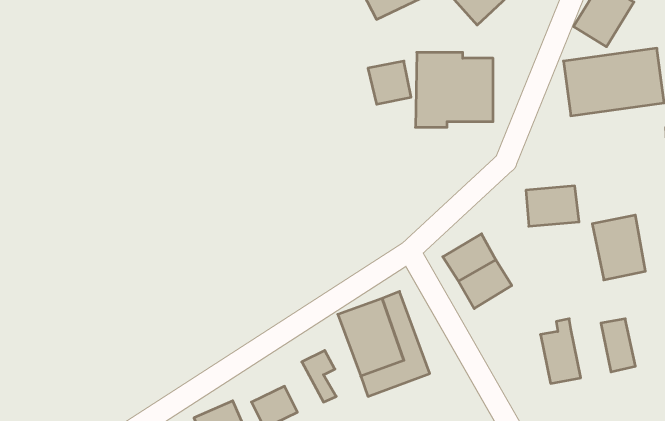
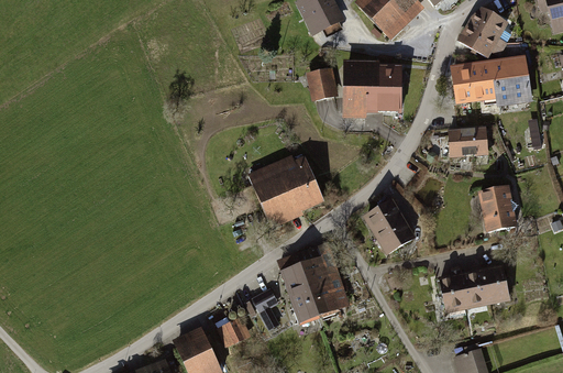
building: none -> [246,150,325,229]
building: [526,186,579,226] -> [448,125,488,156]
building: none -> [460,267,490,309]

